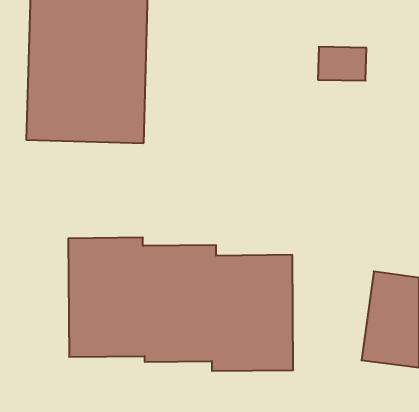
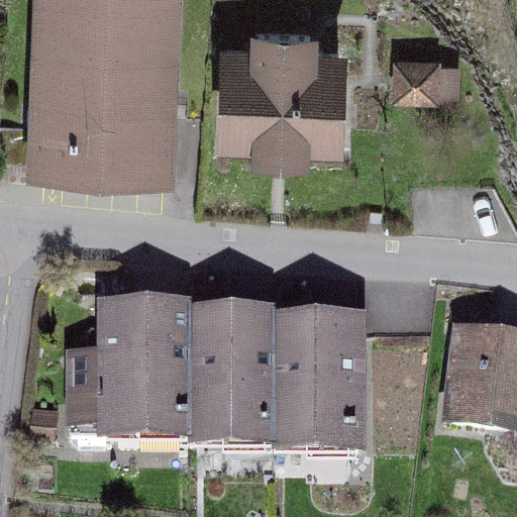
building: none -> [215,26,345,178]

